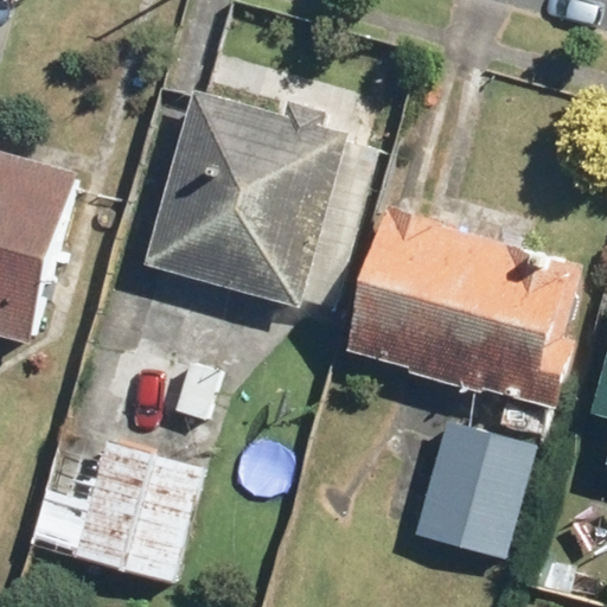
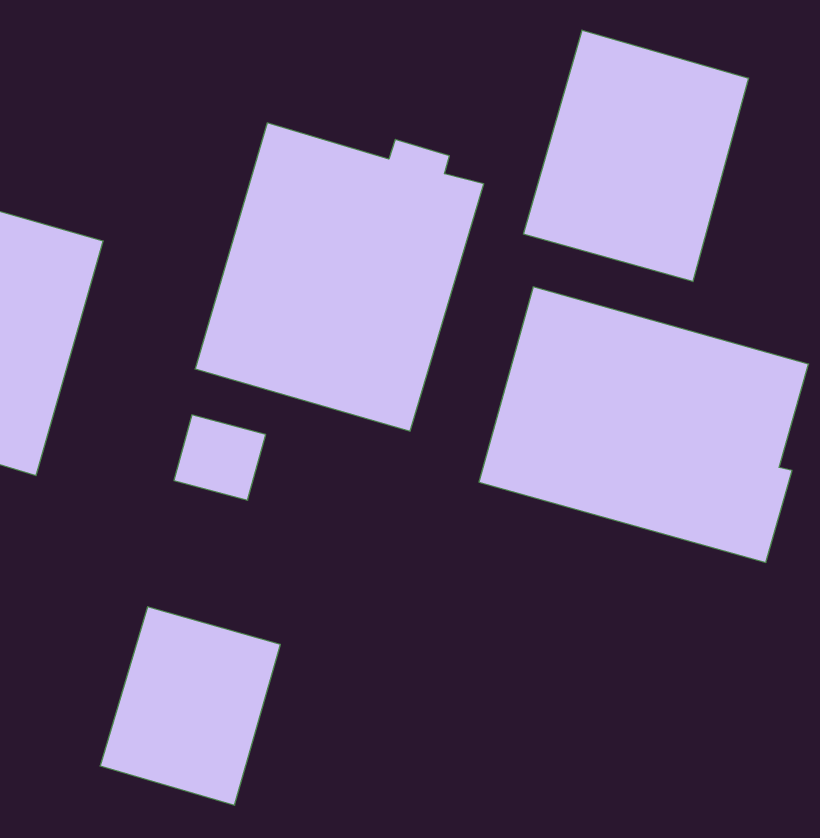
building: none -> [524,30,749,282]
building: [410,418,538,558] -> none

